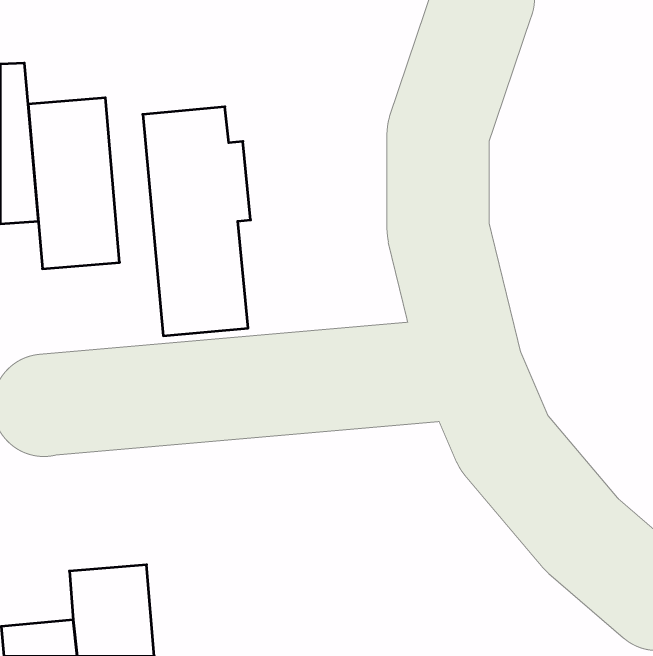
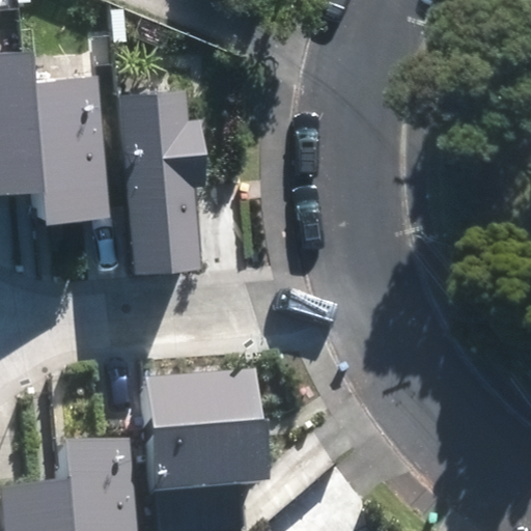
building: none -> [143,379,269,506]

